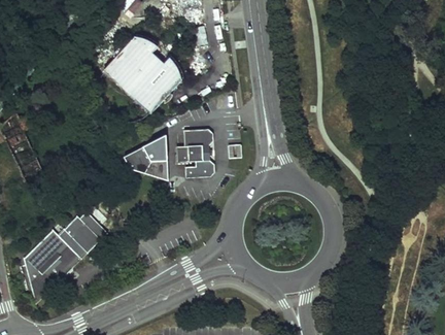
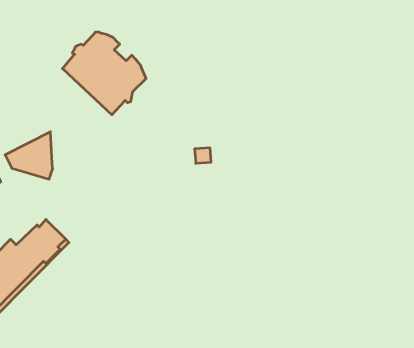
building: [175,128,213,177] -> none
building: [123,134,167,178] -> [5,132,53,179]

